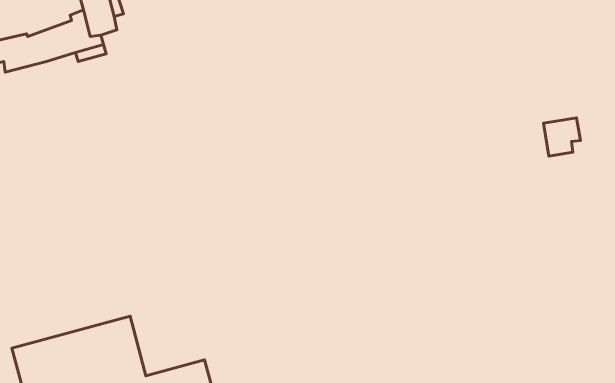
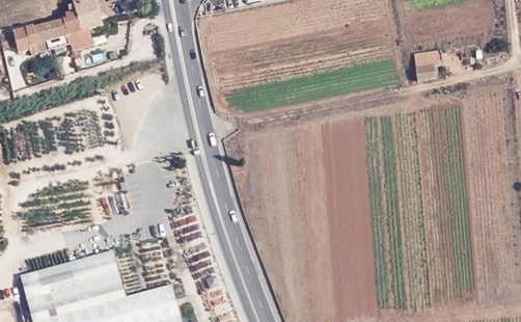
building: [543,118,581,156] -> [411,48,440,78]

